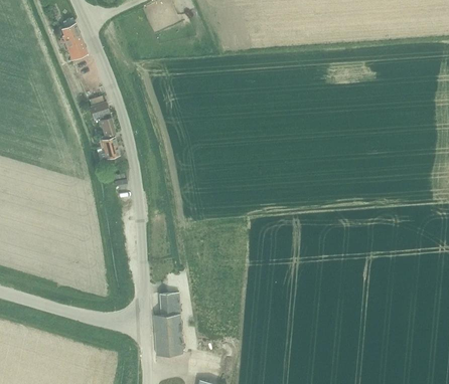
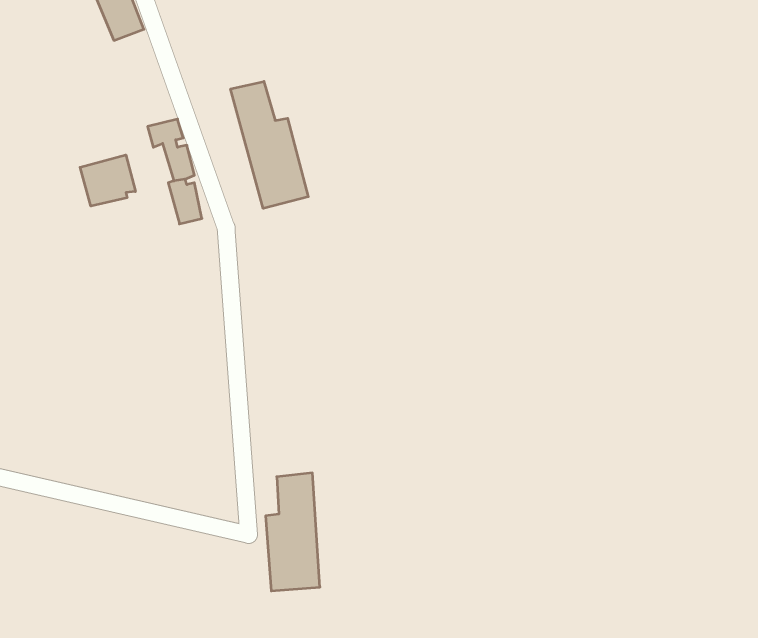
building: none -> [231,81,308,208]
building: none -> [80,155,135,206]

